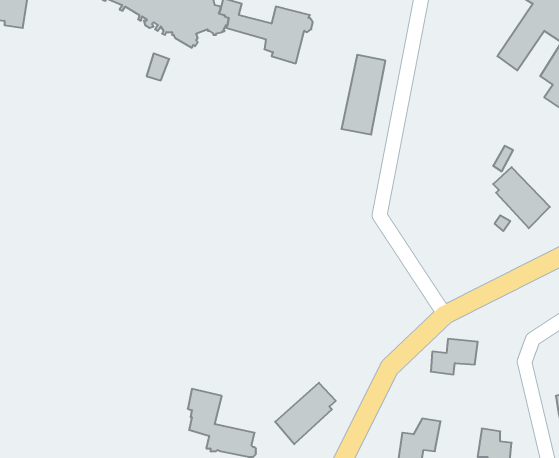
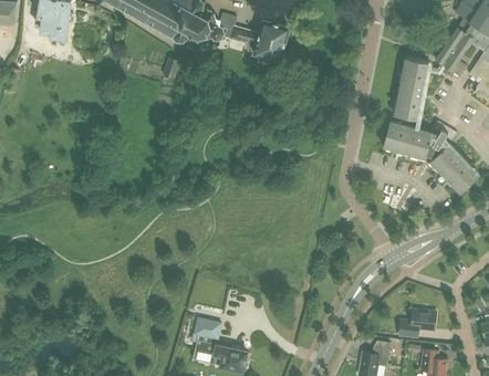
building: [341,55,385,135] -> [393,56,427,118]
building: none -> [382,124,430,156]
building: [431,339,478,374] -> [398,310,435,337]
building: [275,383,336,444] -> none

